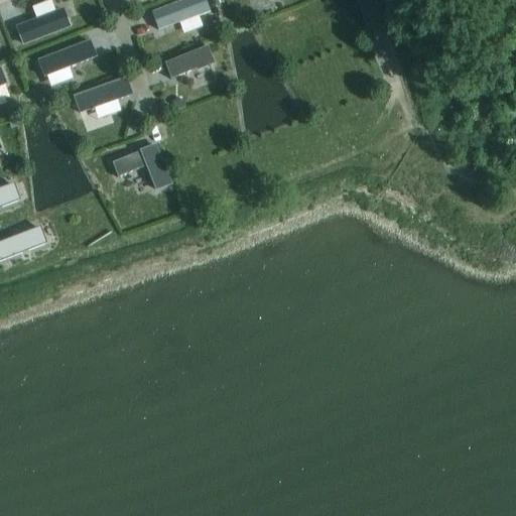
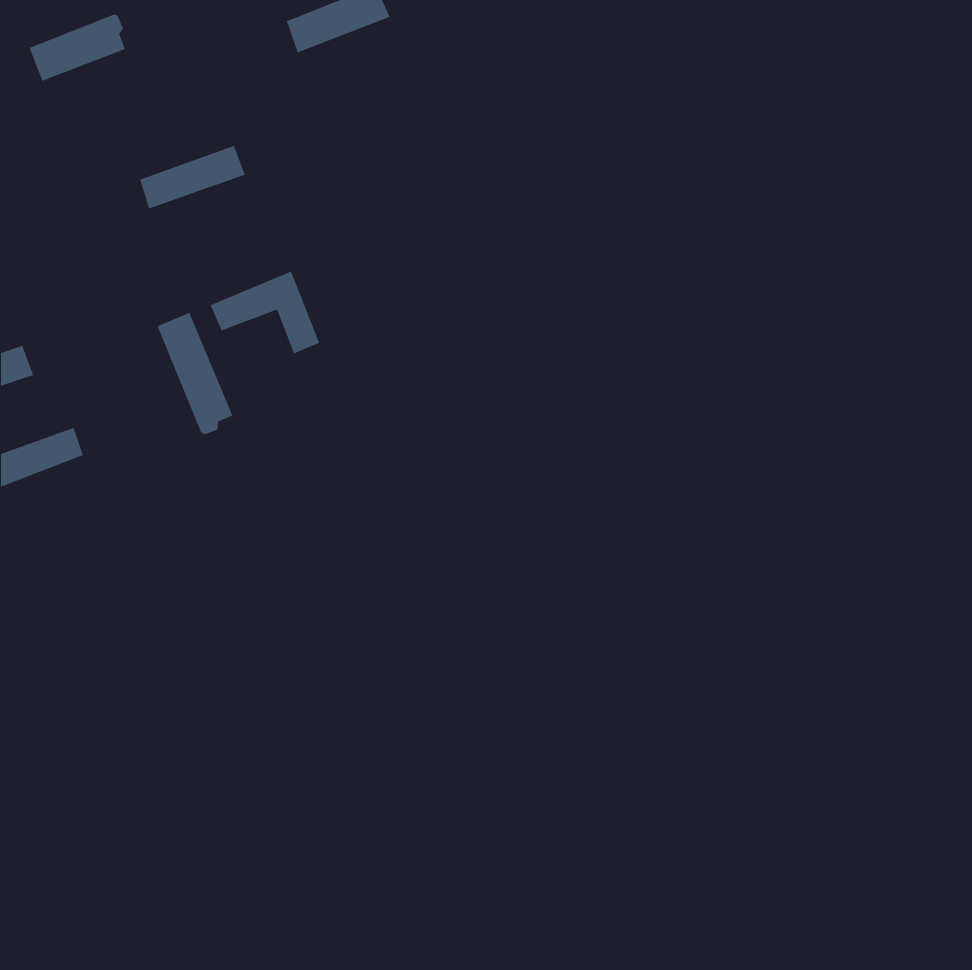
building: [38,37,97,76] -> none
building: [164,45,212,78] -> none
building: none -> [156,312,234,435]

